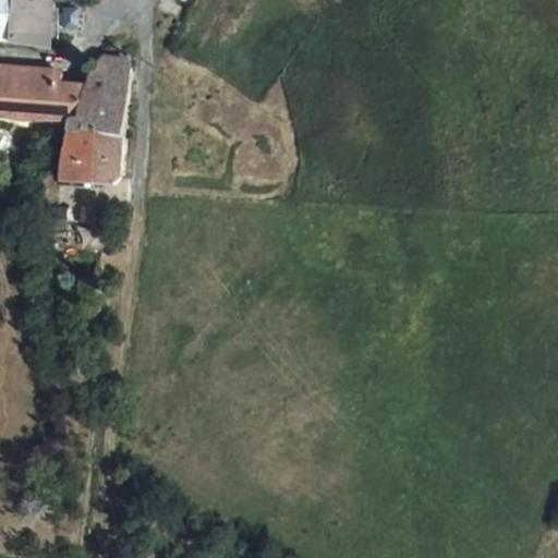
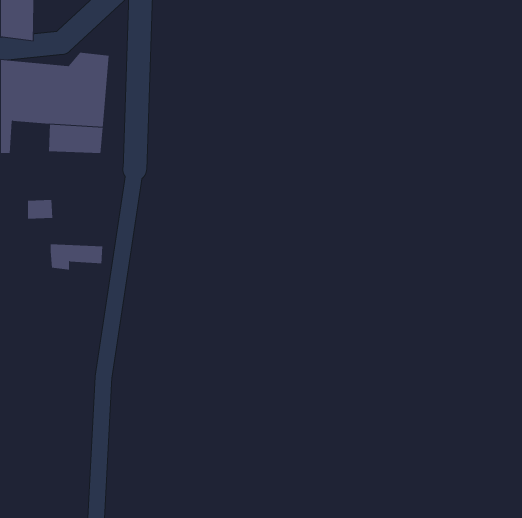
building: [62,158,118,185] -> [50,244,103,270]

